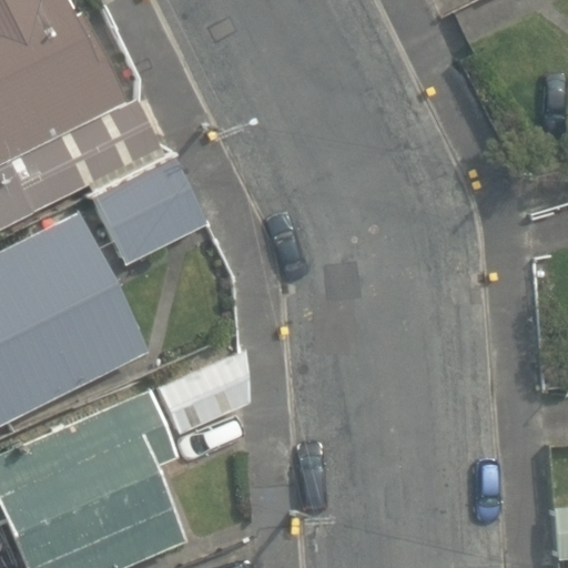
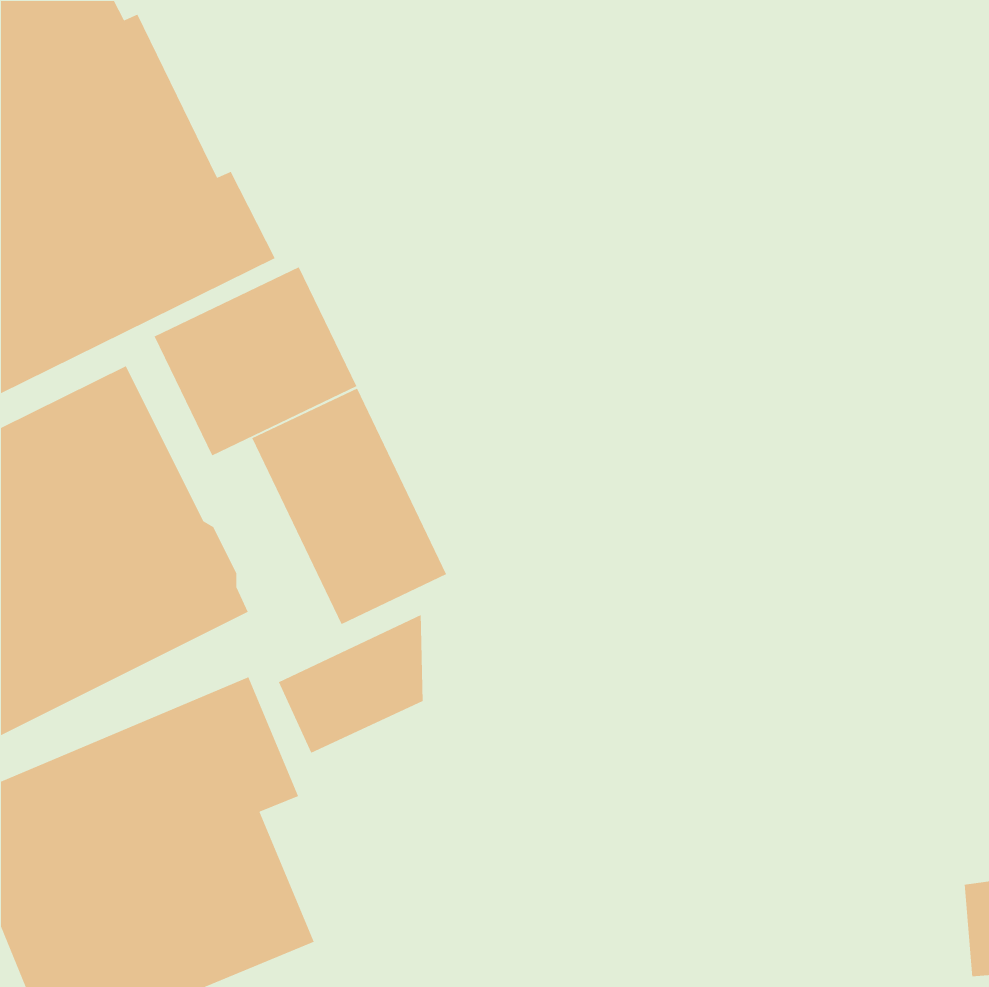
building: none -> [251,387,447,625]

